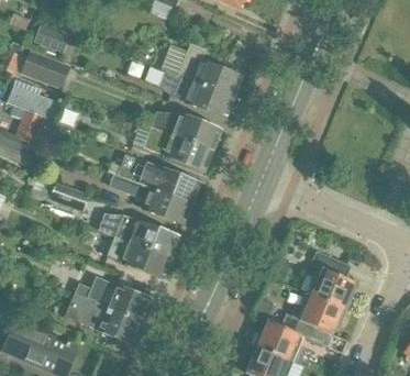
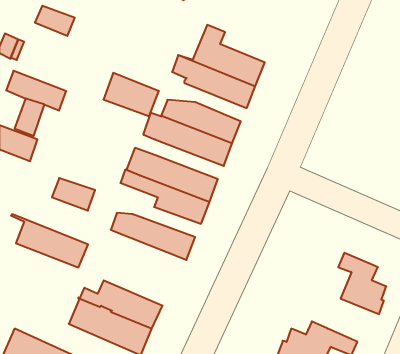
building: [20,49,70,89] -> [103,73,159,116]
building: [101,230,171,278] -> [11,214,88,267]
building: [300,292,347,334] -> none

